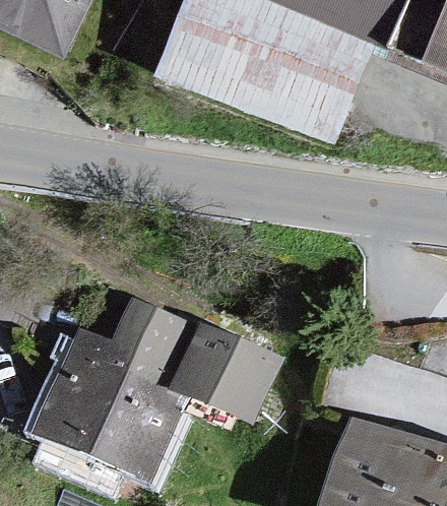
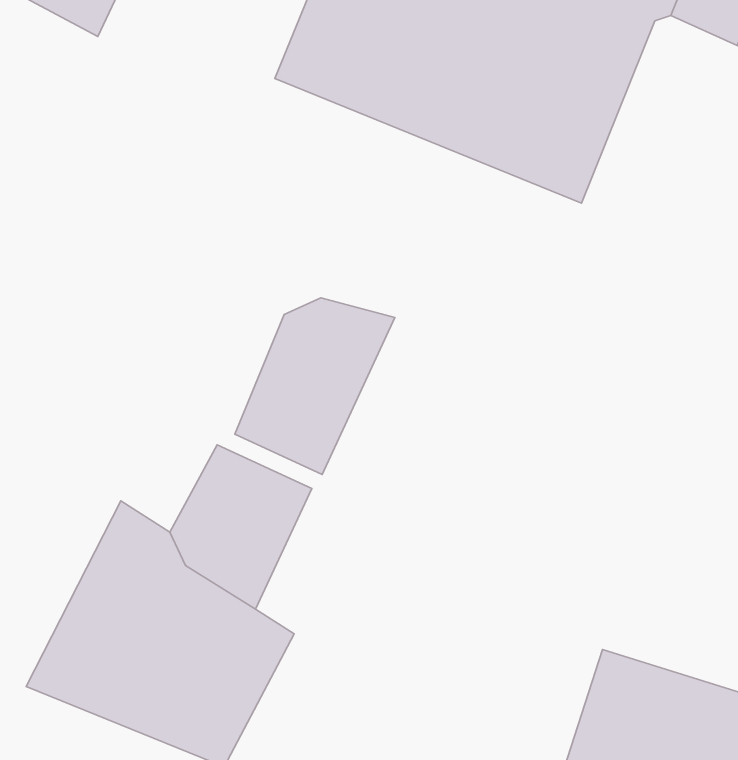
building: none -> [235,298,395,474]
building: [153,322,278,428] -> none

